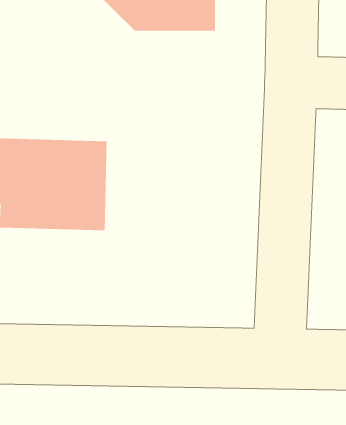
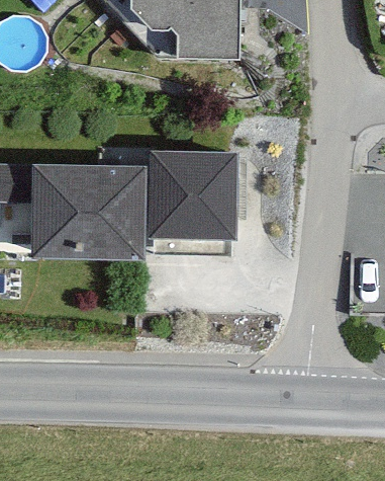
building: none -> [154,167,226,233]

